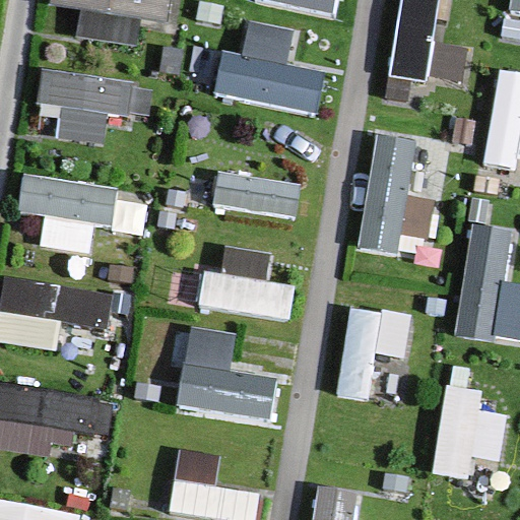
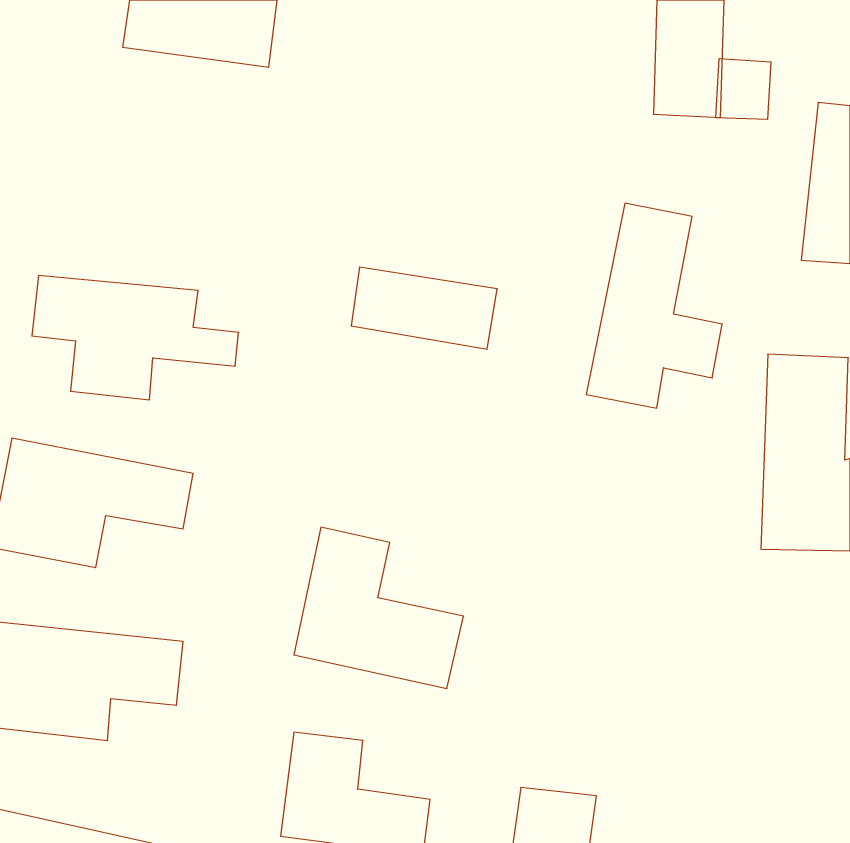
building: [214,23,327,109] -> none
building: [34,68,140,143] -> none
building: [201,250,292,317] -> none
building: [339,310,408,400] -> none
building: [437,399,505,481] -> none

